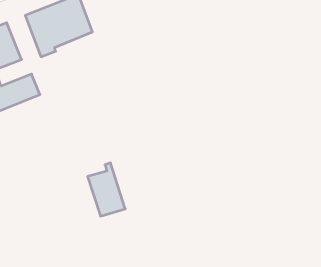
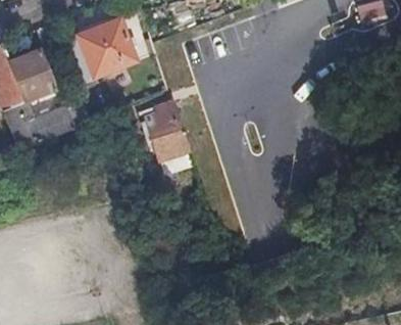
building: [88,163,125,216] -> [146,101,188,160]

